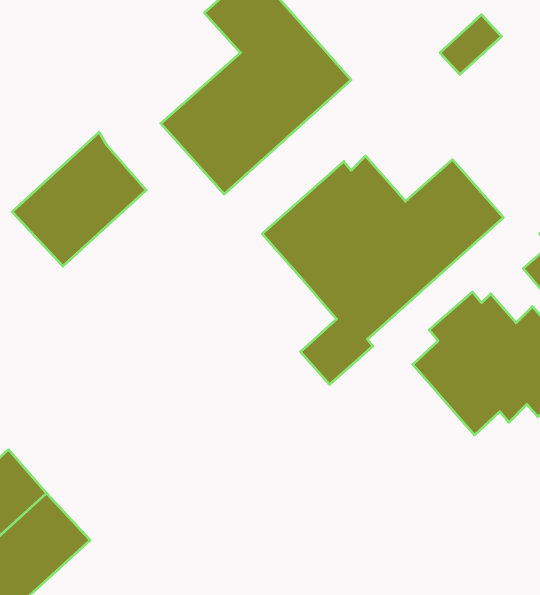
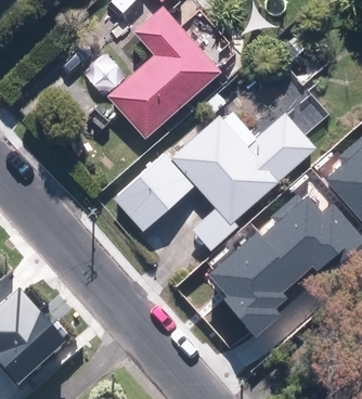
building: [12,132,146,266] -> [113,152,193,232]
building: none -> [206,233,296,338]

